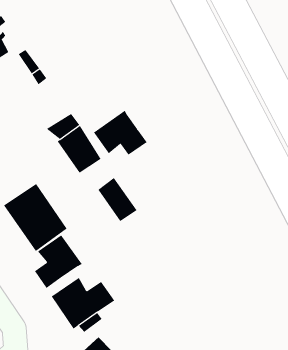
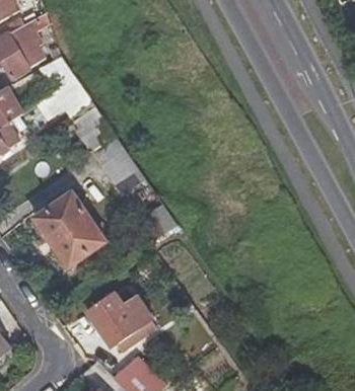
building: [93,110,147,155] -> none
building: [34,234,82,289] -> none

